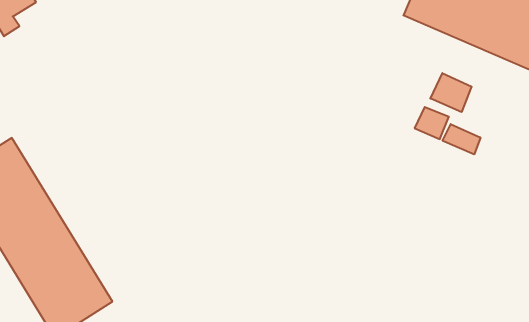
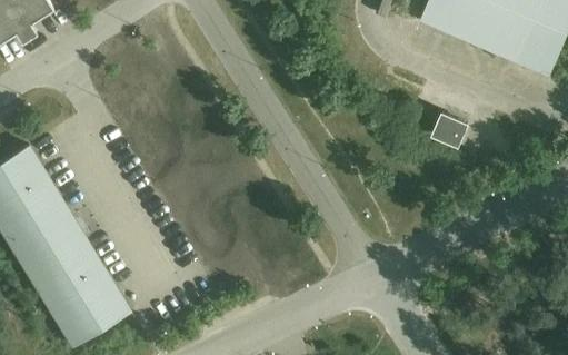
building: [430,73,472,112] -> none
building: [443,124,480,154] -> none

